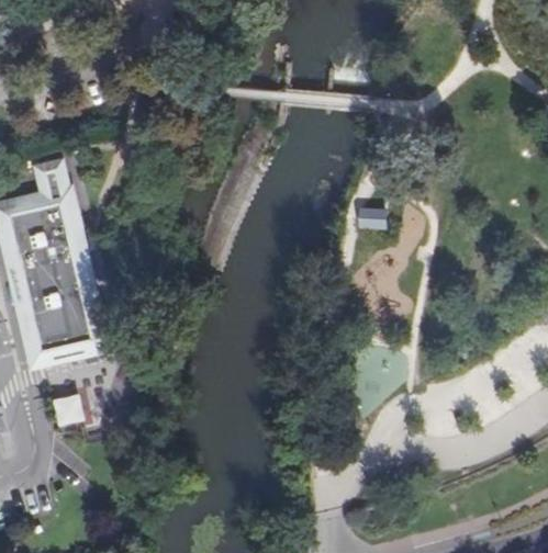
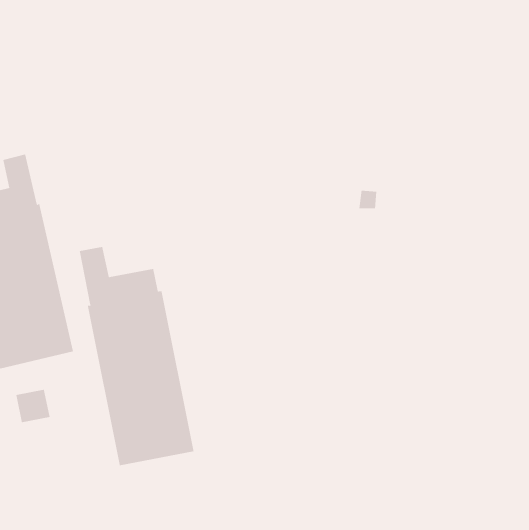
building: none -> [79,246,194,466]

